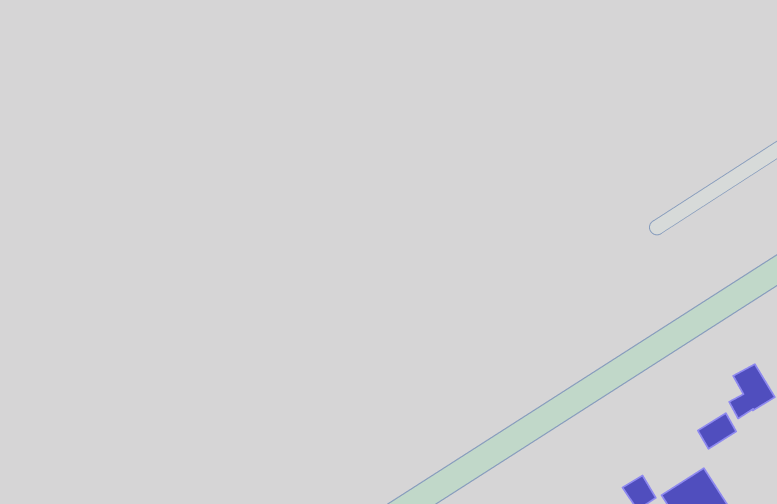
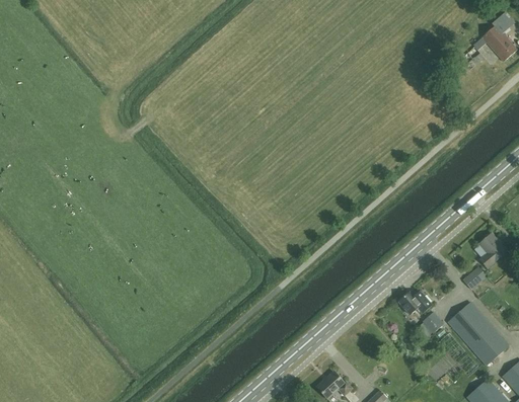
building: none -> [398,291,433,315]

